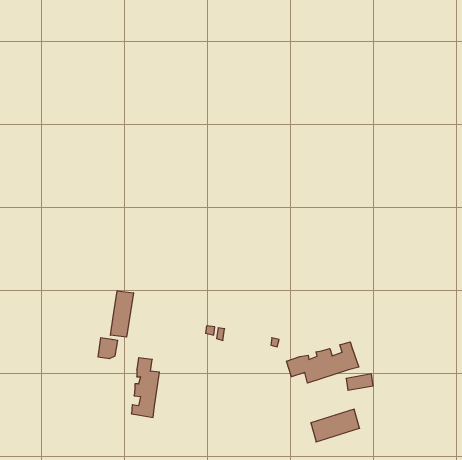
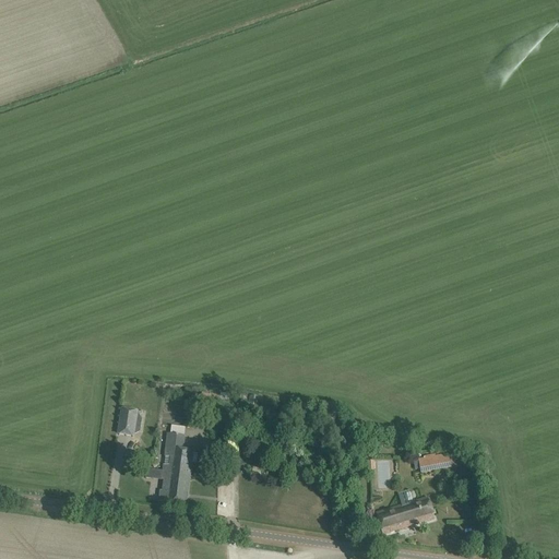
building: [110,291,133,337] -> none
building: [287,342,359,383] -> none

